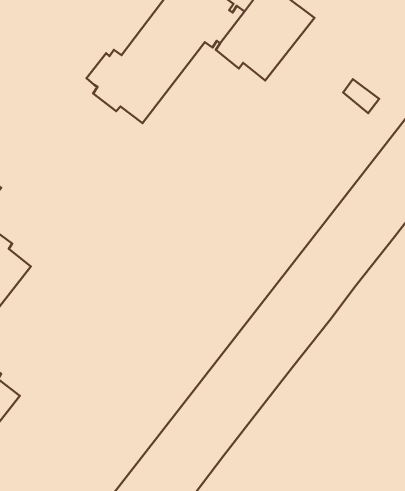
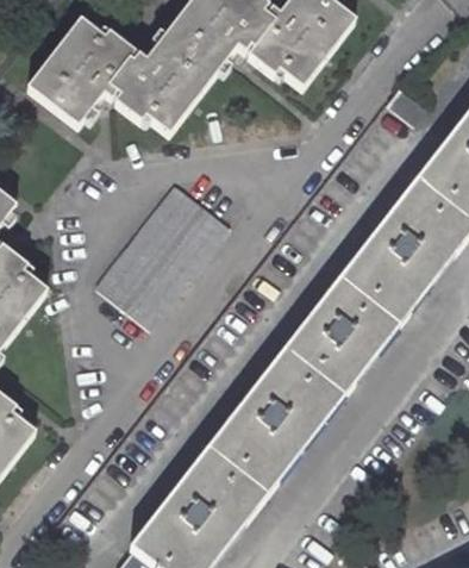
building: none -> [26,19,133,126]
building: none -> [95,183,229,327]

